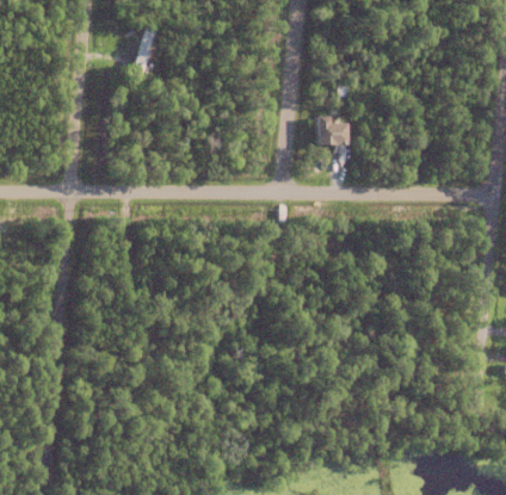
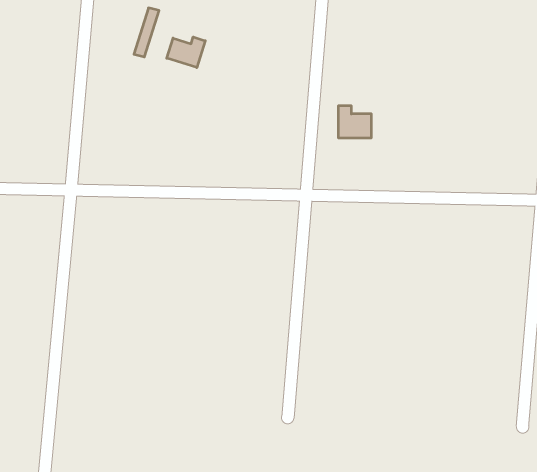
building: none -> [167,37,205,68]

